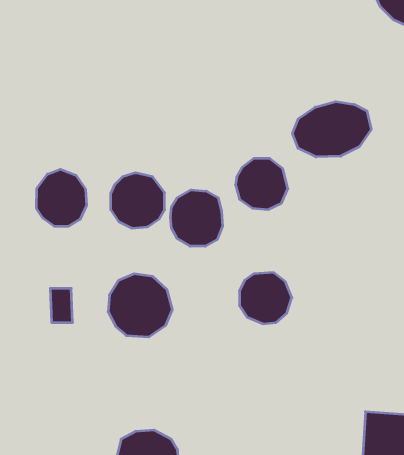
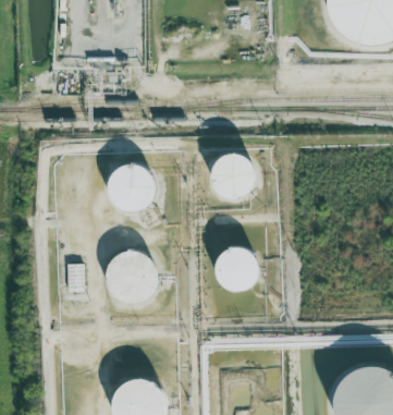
building: [293,102,371,157] -> none
building: [37,169,86,226] -> none
building: [171,190,223,246] -> none

